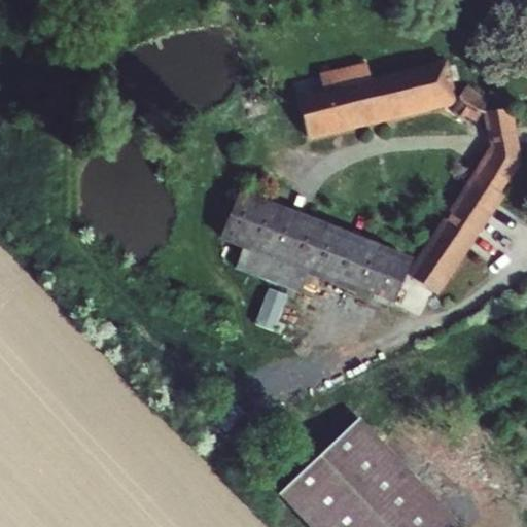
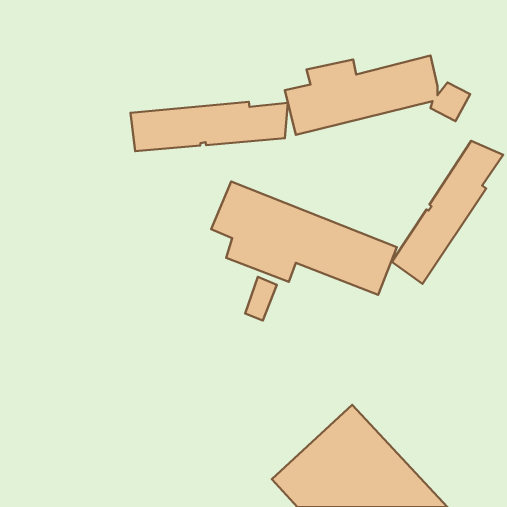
building: none -> [130,102,288,151]
building: [482,107,522,161] -> none

